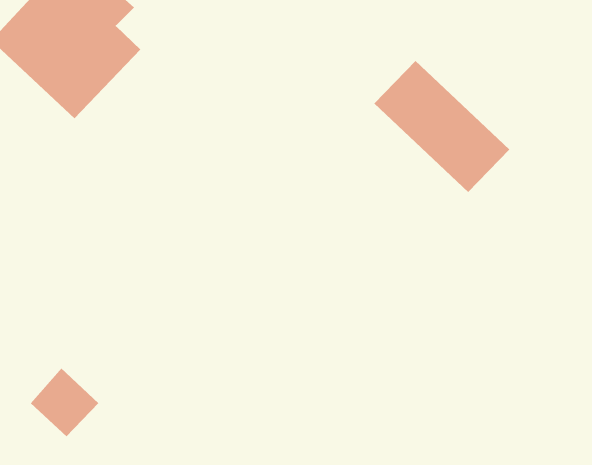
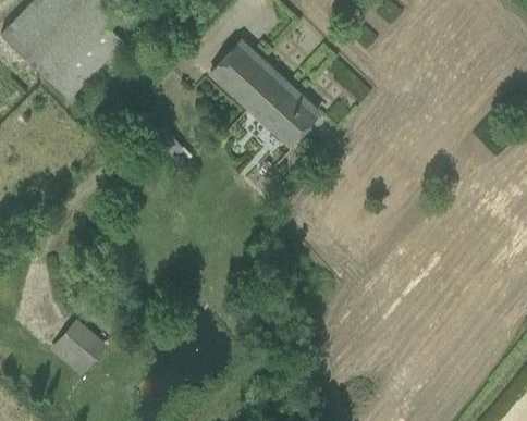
building: [373,60,510,193] -> [208,36,321,146]

